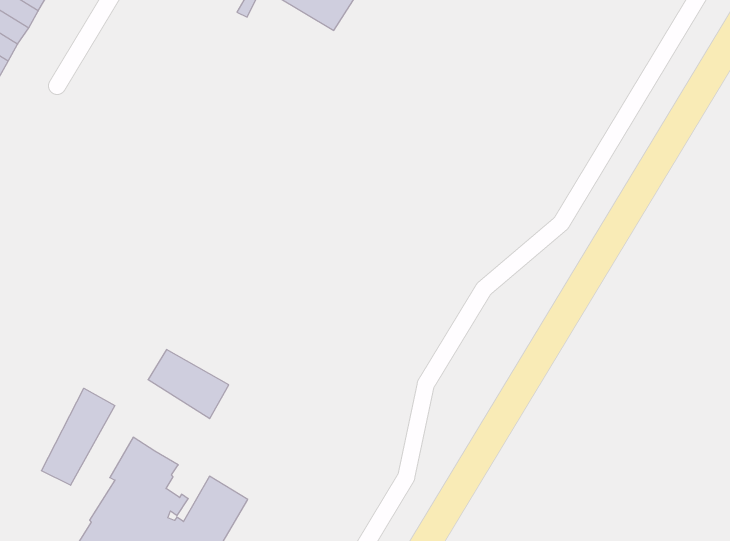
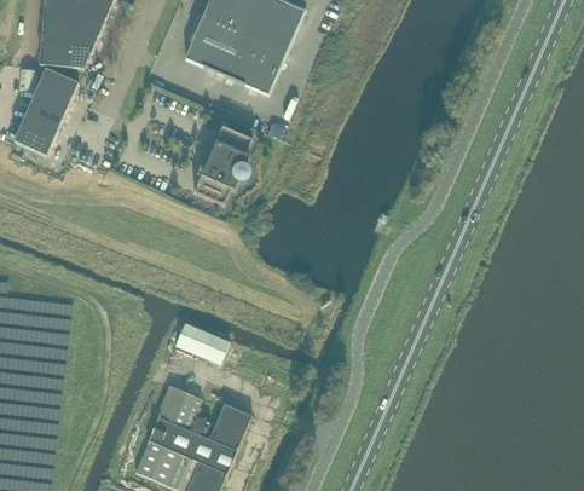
building: none -> [193,125,253,203]
building: [41,388,115,485] -> none

